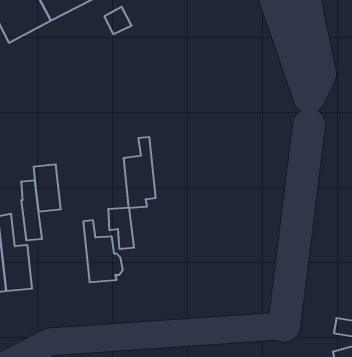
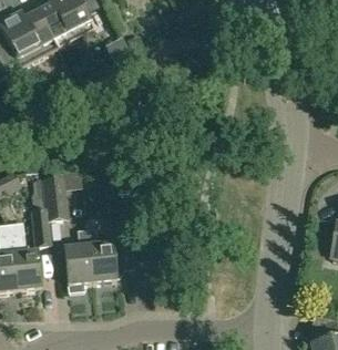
building: [123,137,156,208] -> [64,227,93,290]

